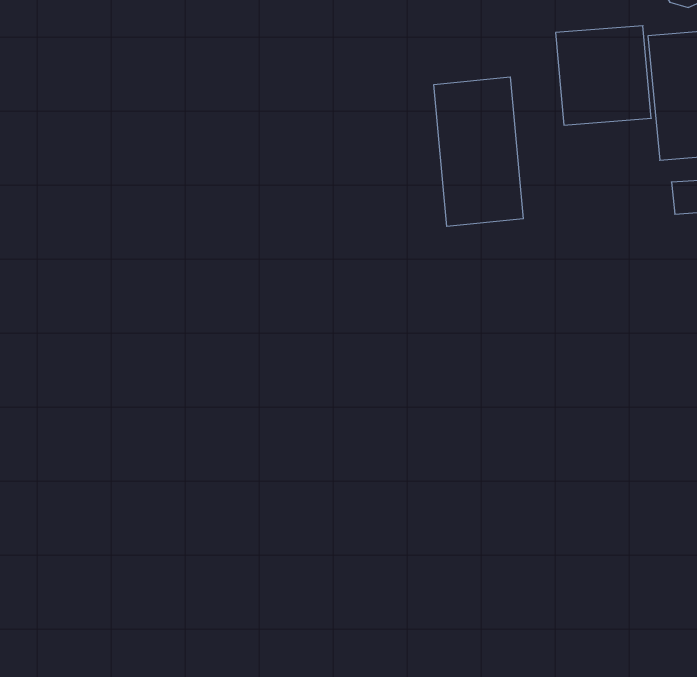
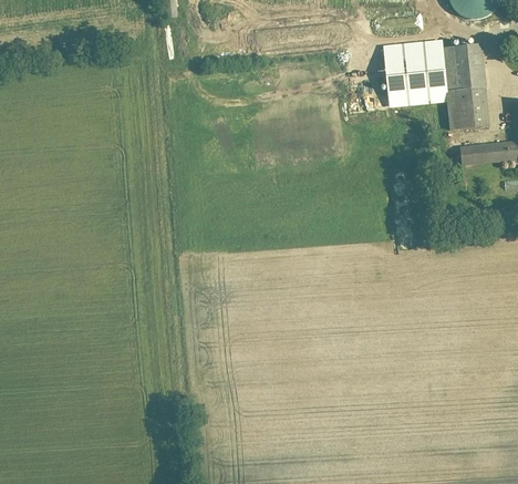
building: [434,77,523,226] -> none

